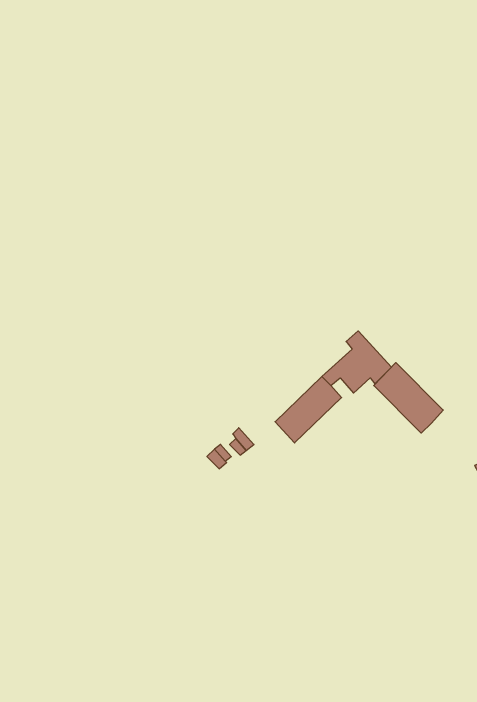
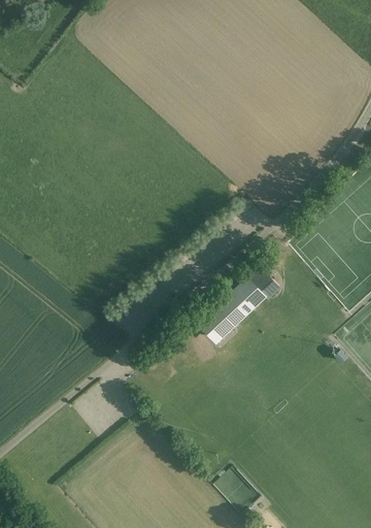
building: [374,363,443,433] -> none

